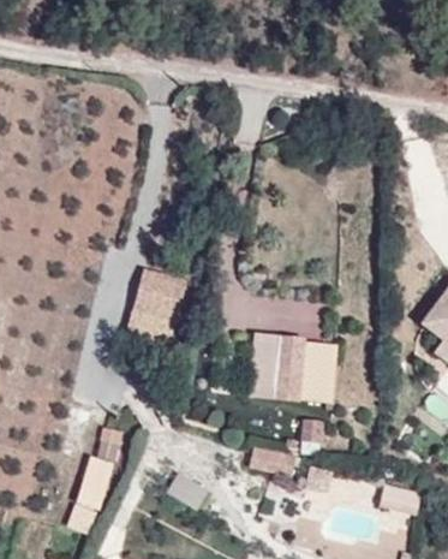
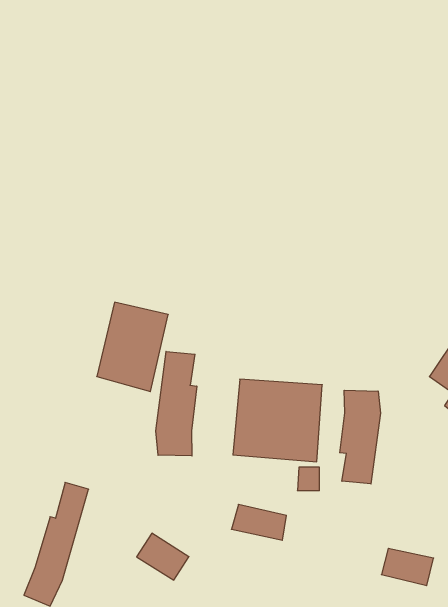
building: none -> [156,351,197,456]
building: none -> [340,390,381,484]

